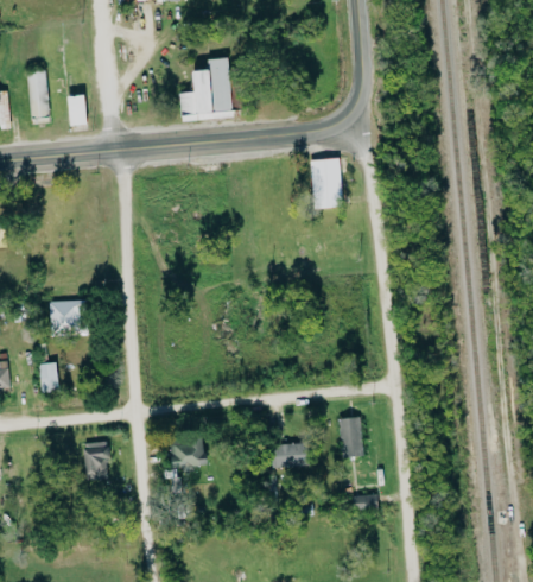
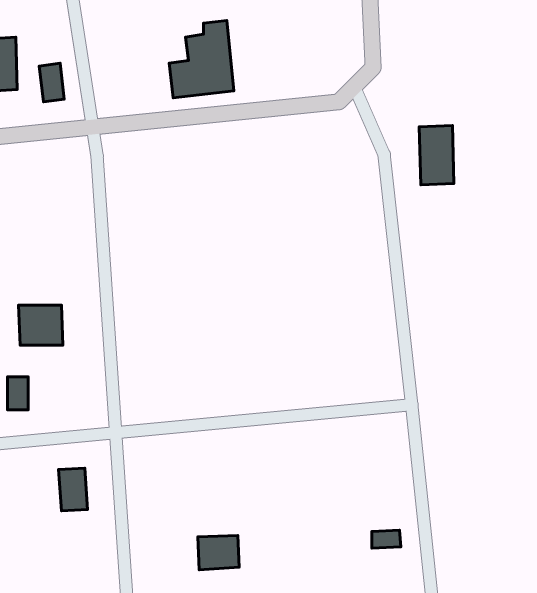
building: [311,158,341,209] -> [419,126,454,185]
building: [338,417,362,456] -> none
building: [170,439,205,469] -> [198,535,239,570]
building: [271,443,304,466] -> none

